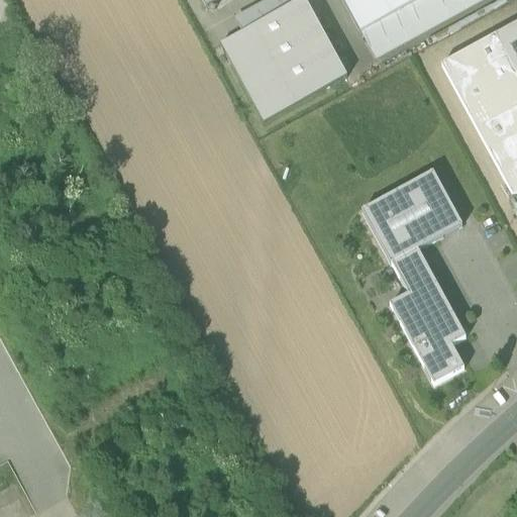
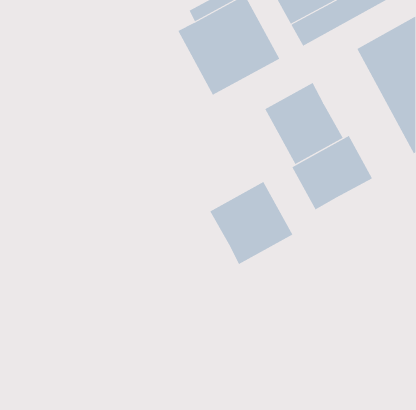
building: none -> [265,82,344,165]
building: none -> [210,181,293,265]
building: [390,245,466,381] -> none

